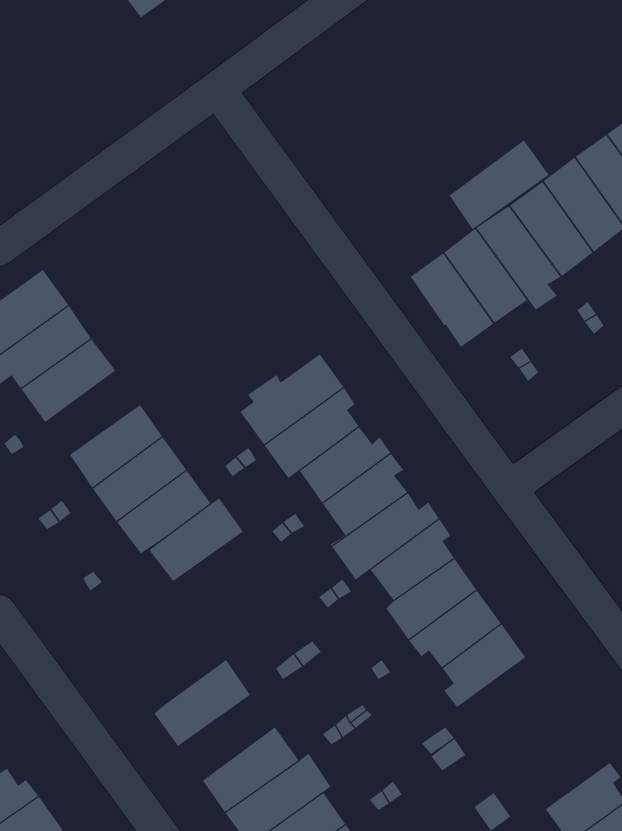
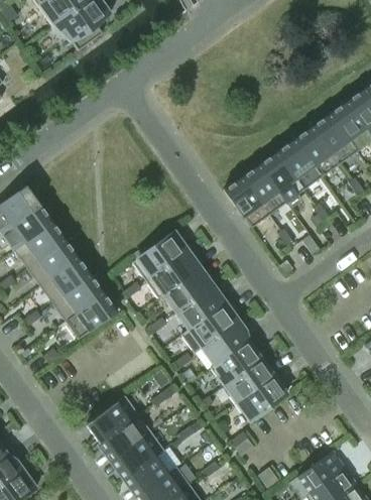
building: [449,140,550,230] -> none
building: [148,498,244,582] -> [28,240,80,285]
building: none -> [100,414,152,461]

